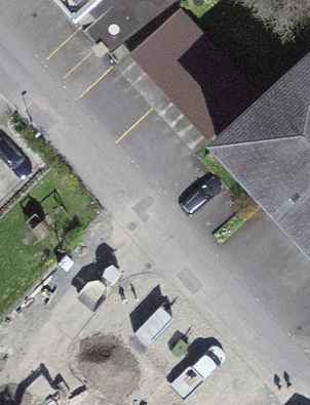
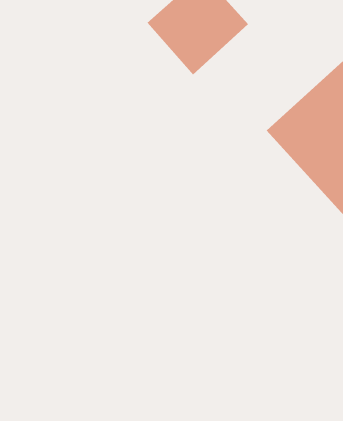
building: [169,53,256,139] -> none

